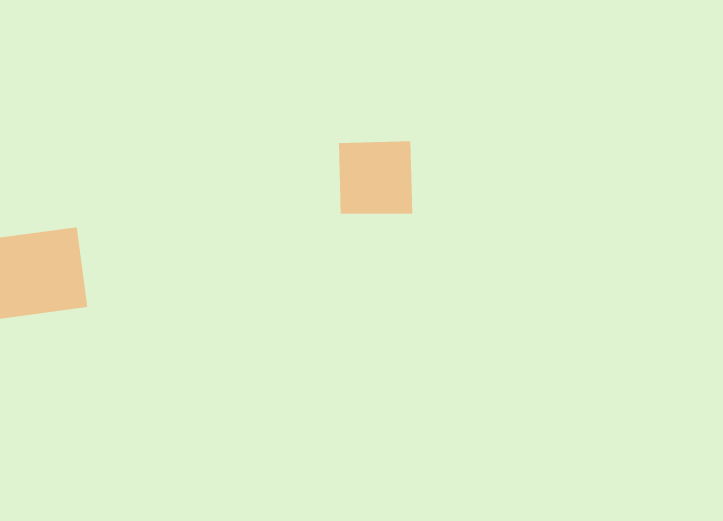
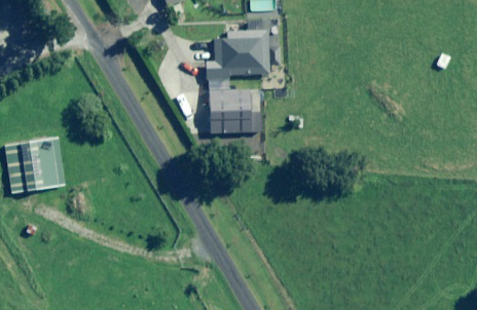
building: none -> [206,30,269,80]

